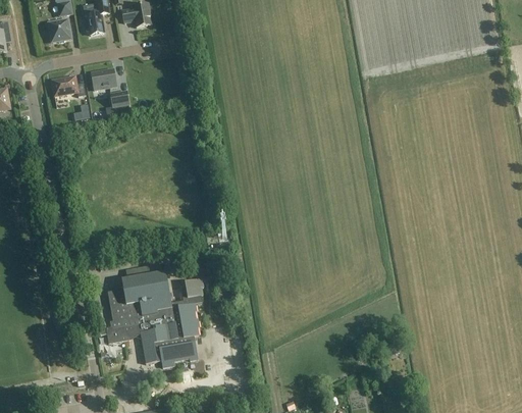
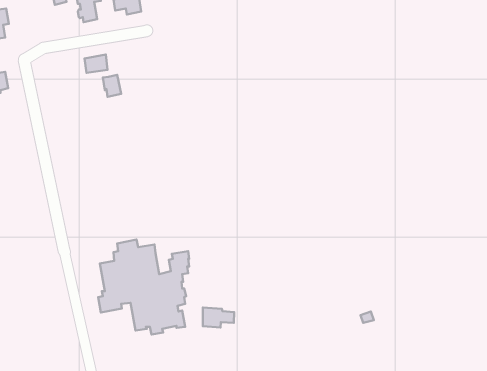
building: [48,19,69,42] -> none
building: [51,75,85,96] -> none
building: none -> [203,307,234,327]

